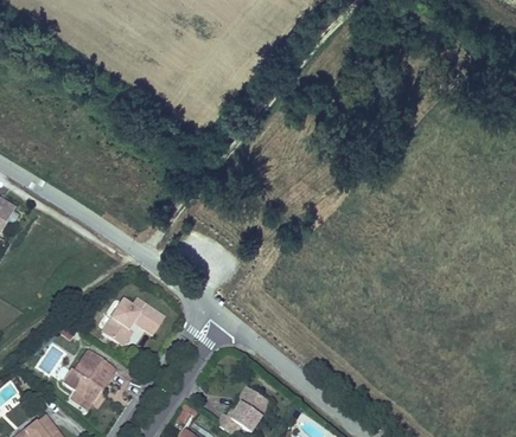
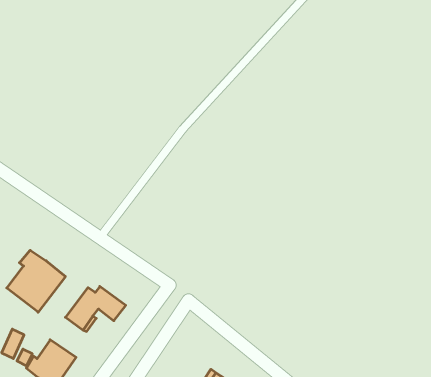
building: none -> [7,250,65,312]

